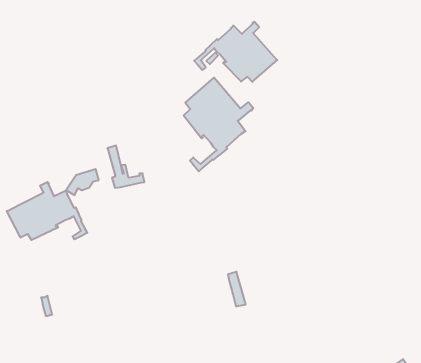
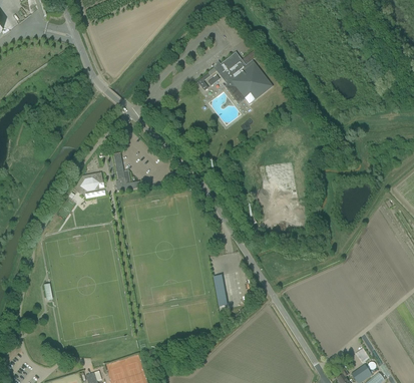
building: [184,78,253,171] -> none
building: [7,182,87,240] -> none

